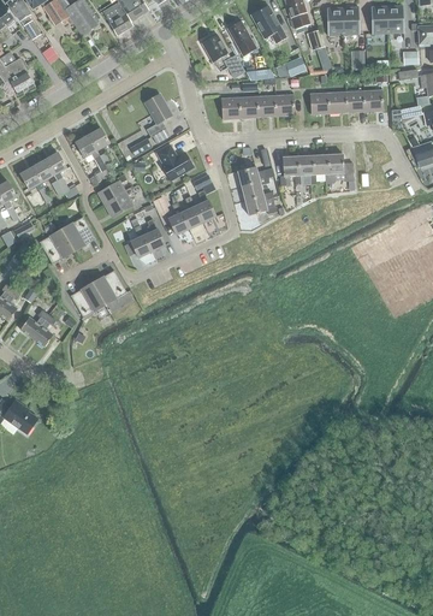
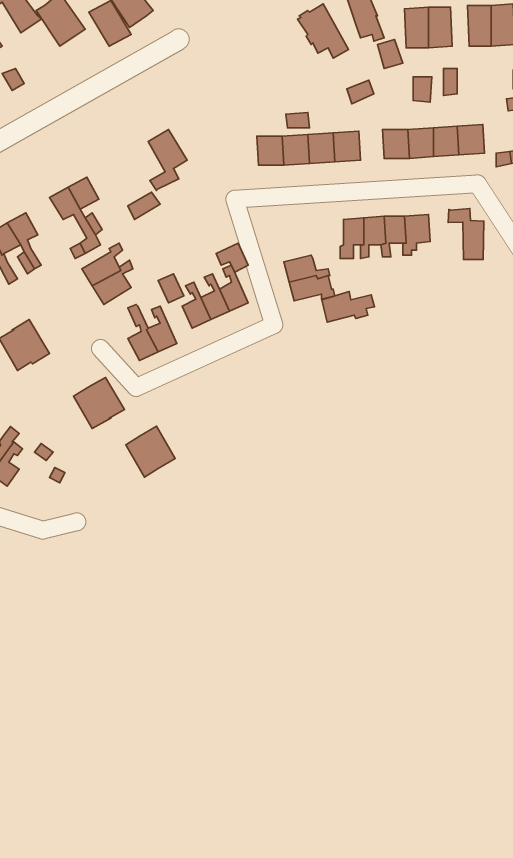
building: [227,19,259,55] -> none
building: [202,34,245,77] -> none
building: [155,143,195,180] -> none
building: none -> [448,208,484,260]
building: [237,165,274,186] -> [322,291,375,322]
building: [60,215,96,251] -> none
building: [70,282,105,318] -> [126,426,175,477]

